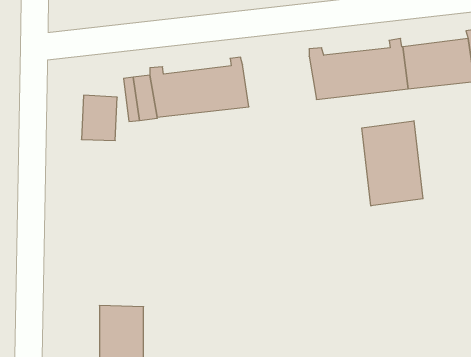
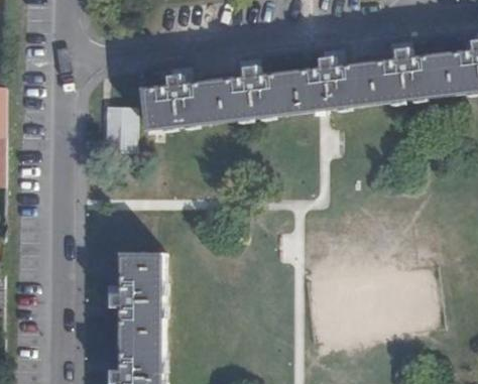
building: none -> [256,67,327,115]
building: [362,121,423,206] -> none
building: none -> [111,253,161,306]

